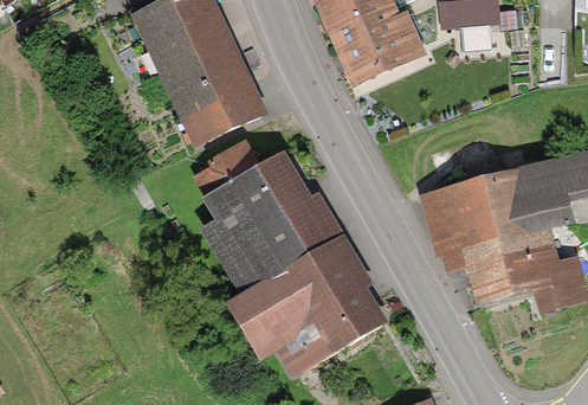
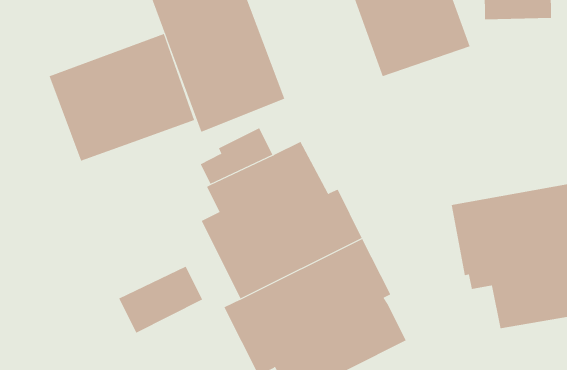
building: none -> [49,33,195,161]
building: none -> [119,266,203,334]

